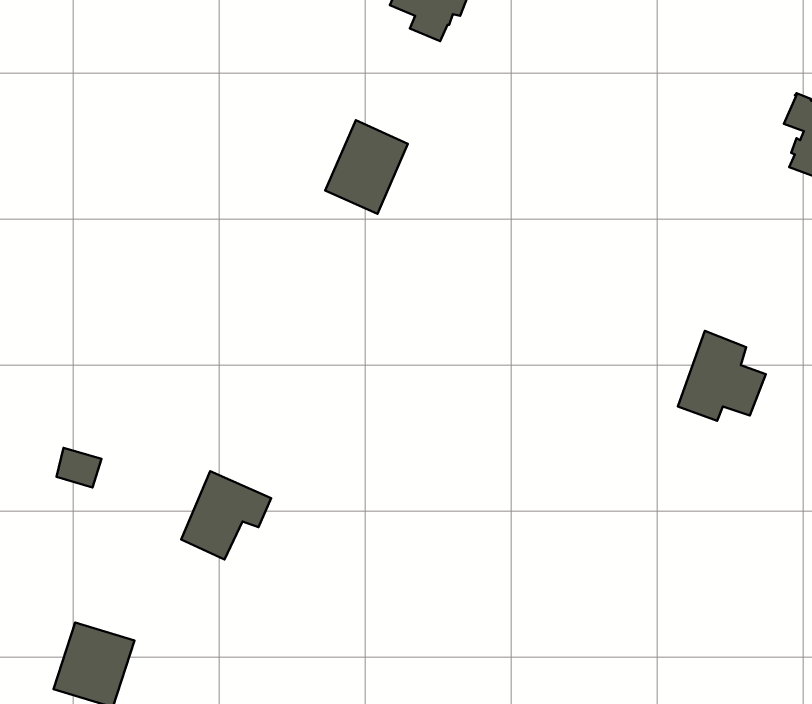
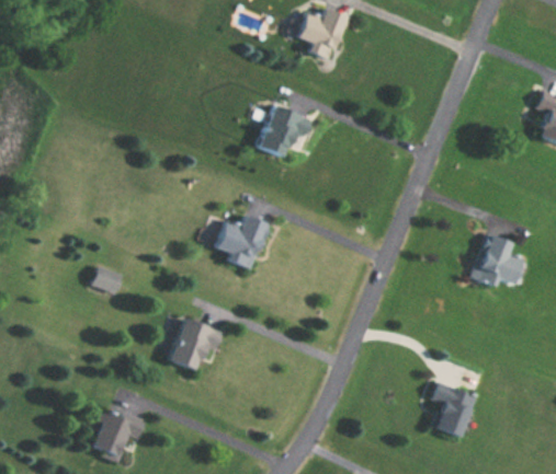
building: none -> [216,215,268,269]
building: [56,448,101,488] -> [93,268,121,292]
building: none -> [430,381,476,437]

